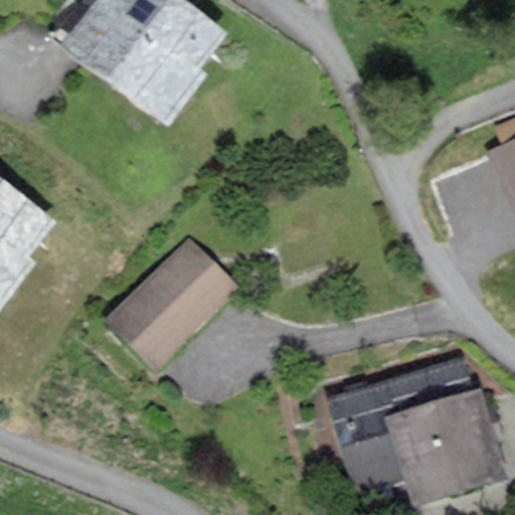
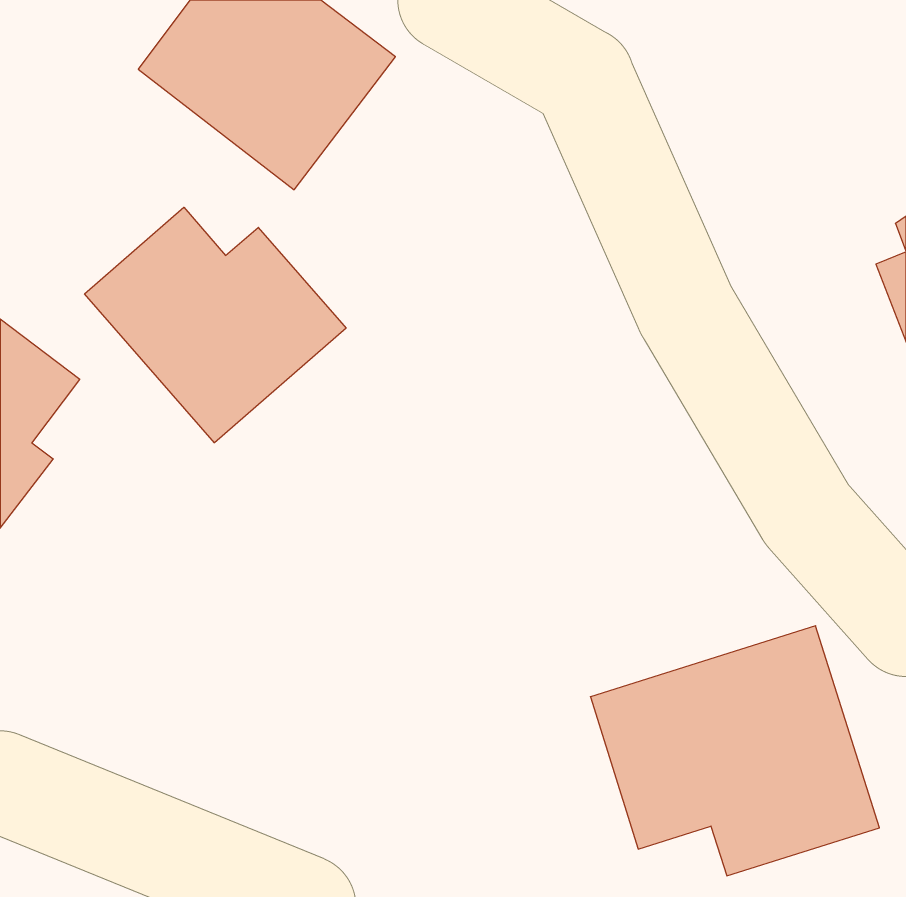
building: none -> [85,207,346,443]
building: [118,251,231,361] -> none

